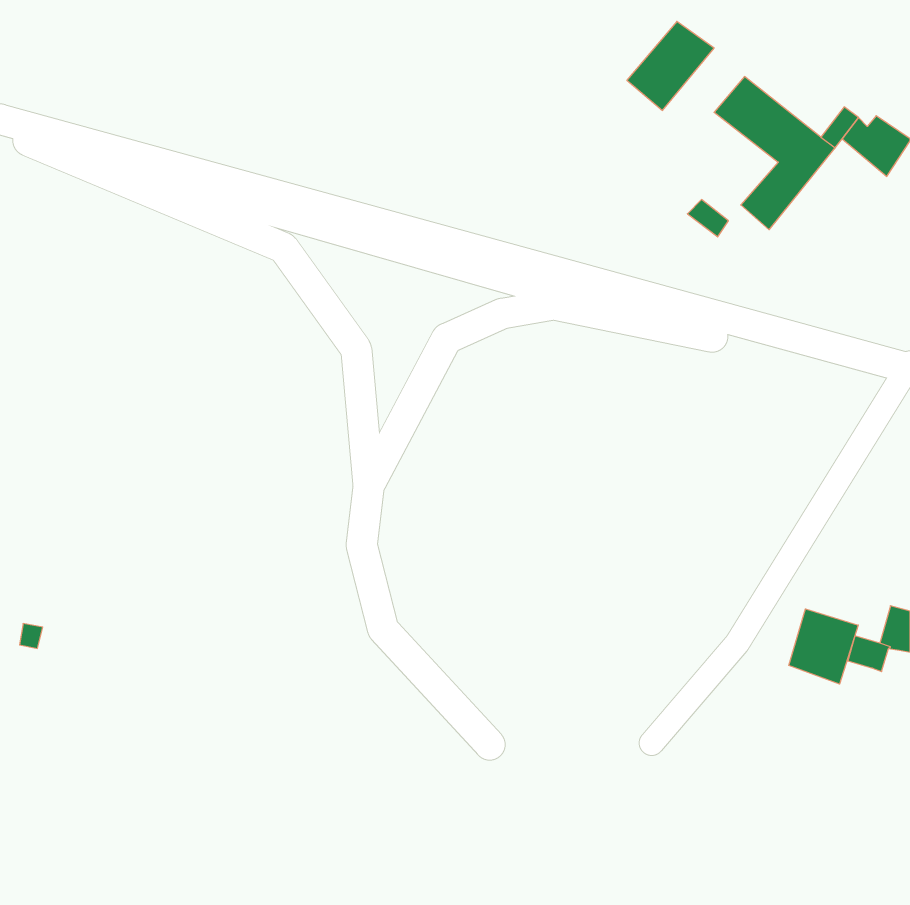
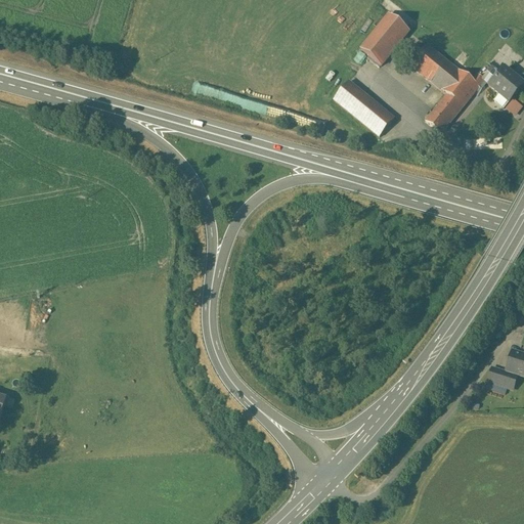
building: none -> [333,79,395,135]
building: [789,609,858,684] -> none

